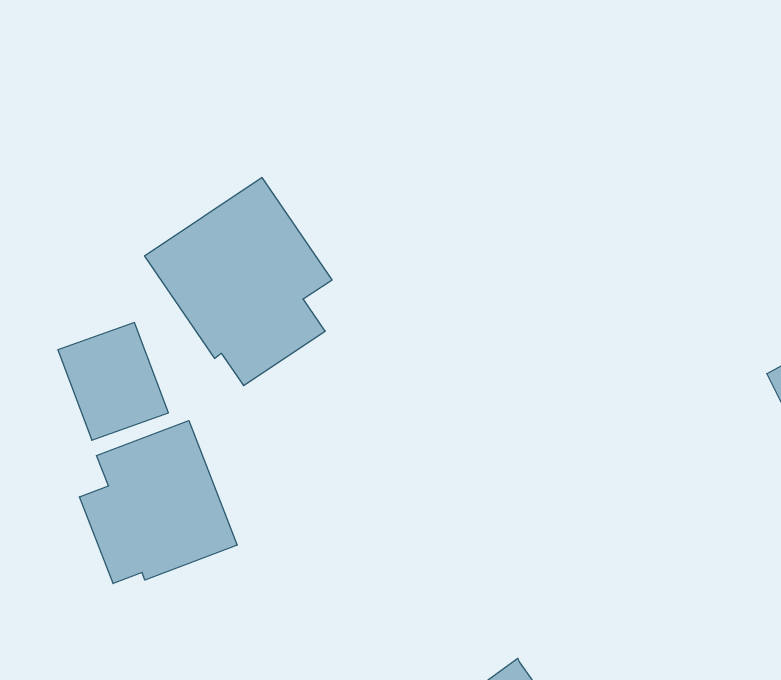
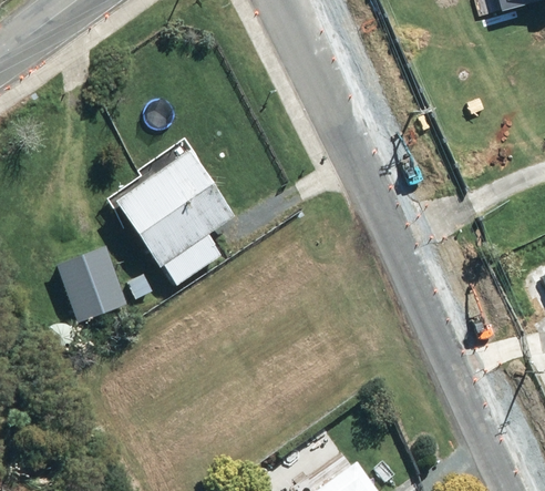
building: [79,421,237,584] -> none

